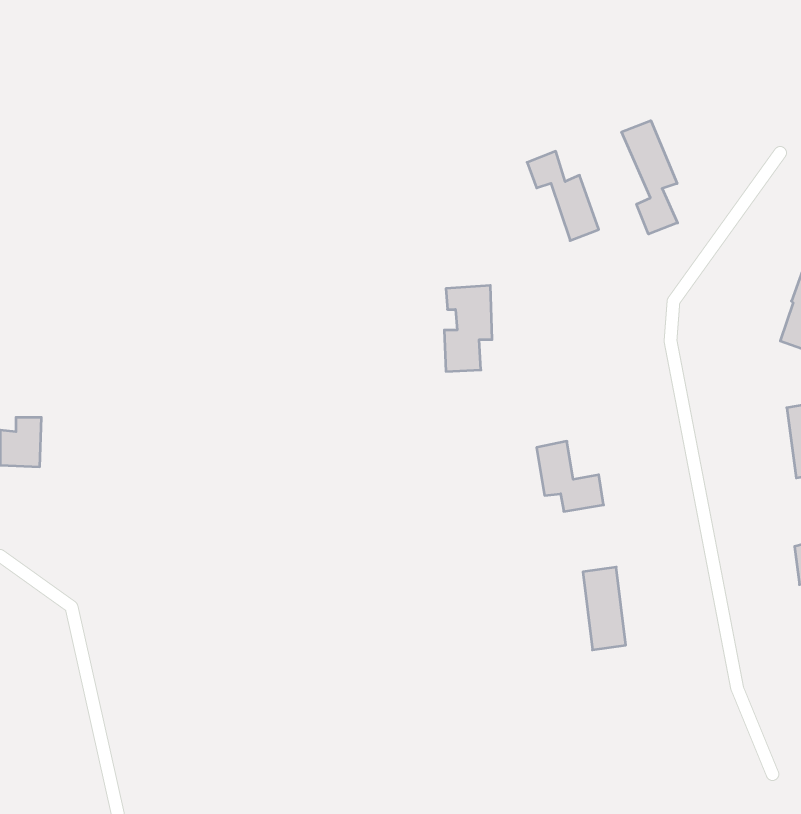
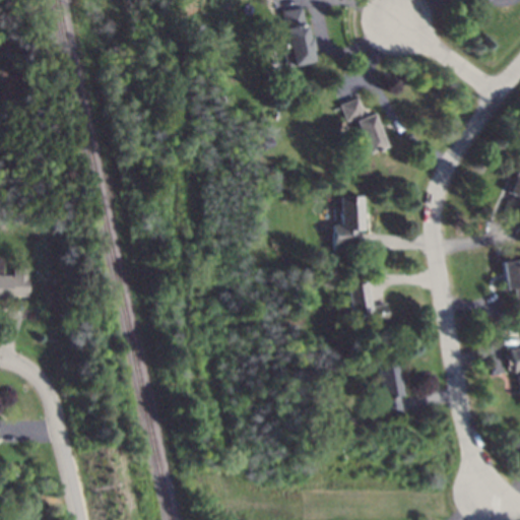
building: none -> [286,6,320,66]
building: [622,121,678,234] -> none
building: [444,285,492,371] -> [336,195,367,250]

